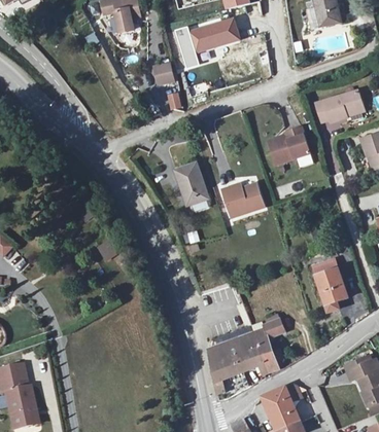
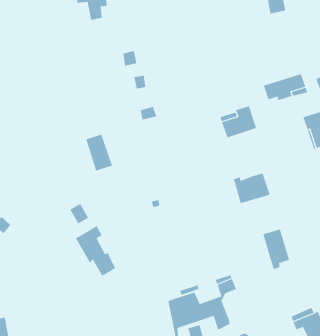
building: [191,19,239,51] -> none
building: [175,164,206,206] -> [85,134,113,171]
building: [218,181,261,216] -> [233,173,270,204]
building: none -> [75,225,116,276]

